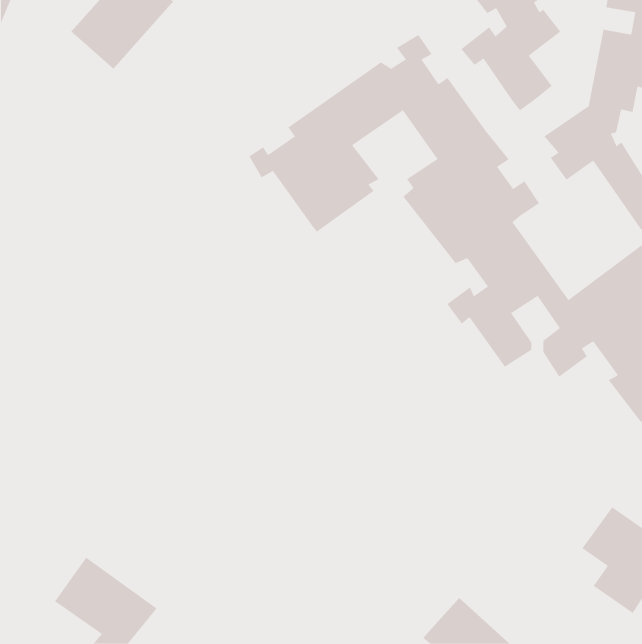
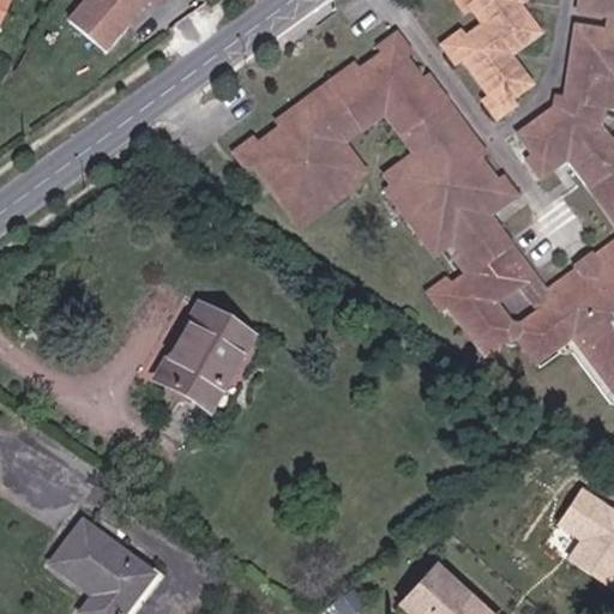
building: none -> [167,311,276,423]

